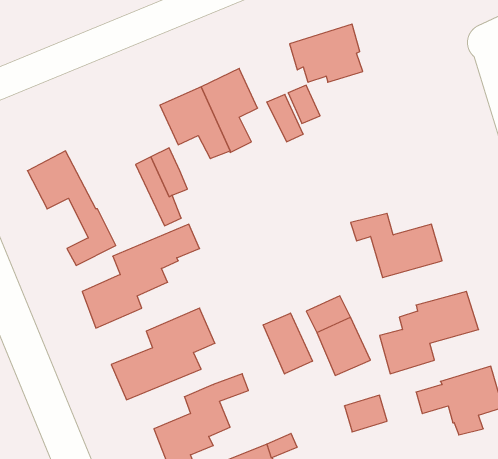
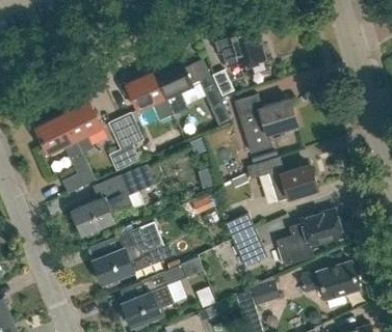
building: none -> [234,93,296,151]
building: none -> [60,101,101,154]
building: [263,313,312,374] -> none

